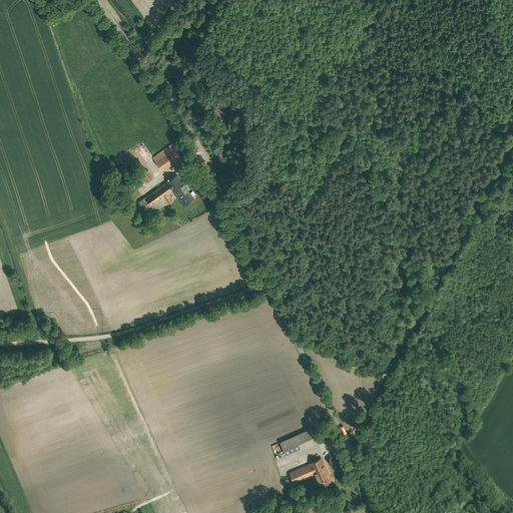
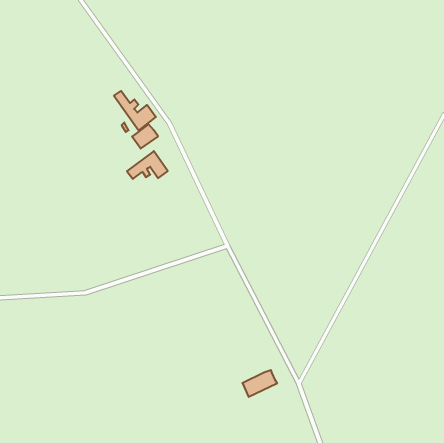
building: none -> [114,91,156,130]
building: [289,459,332,489] -> none

